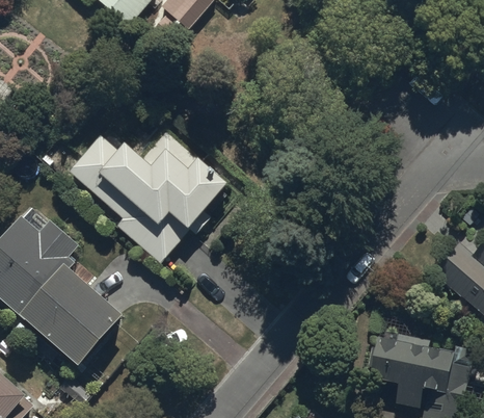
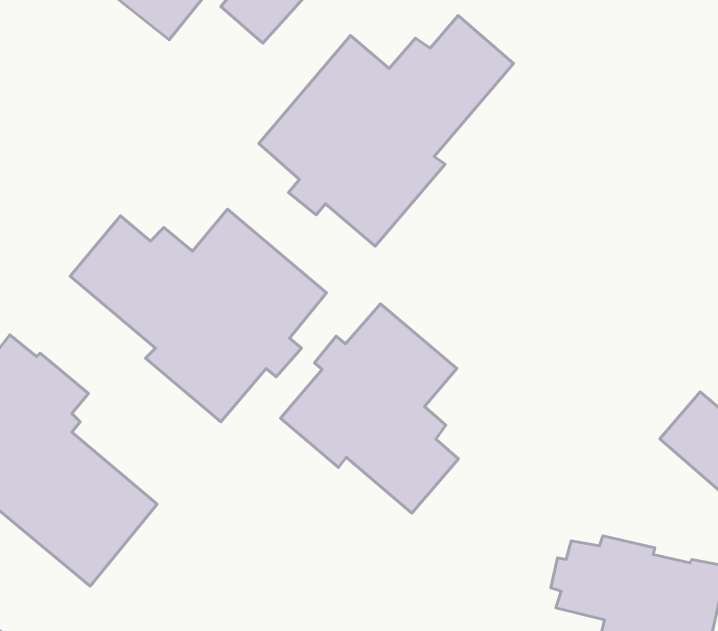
building: none -> [259,16,513,246]
building: none -> [281,304,459,513]

